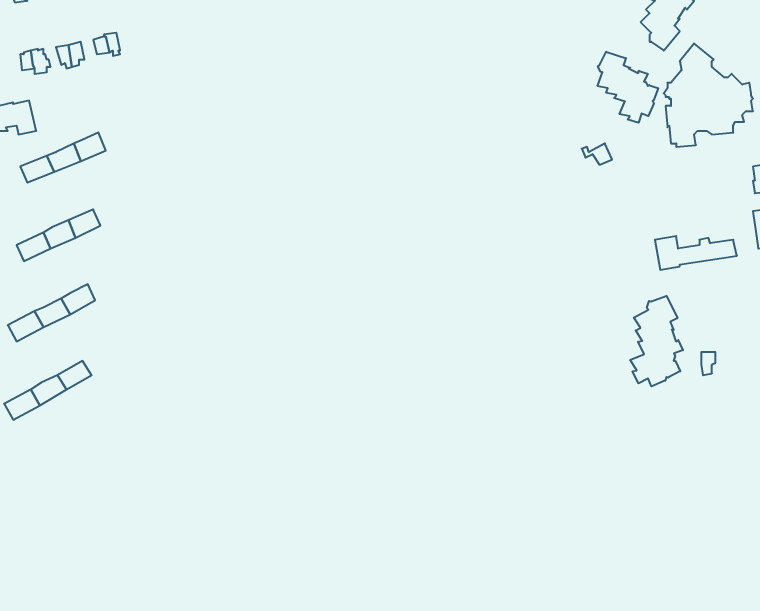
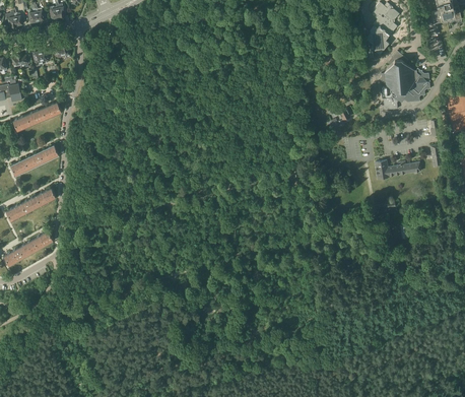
building: [598,52,658,123] -> none
building: [630,296,683,386] -> none

